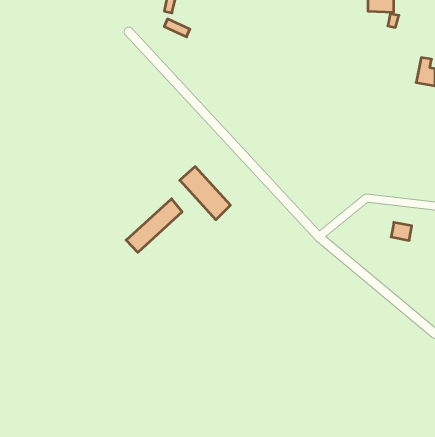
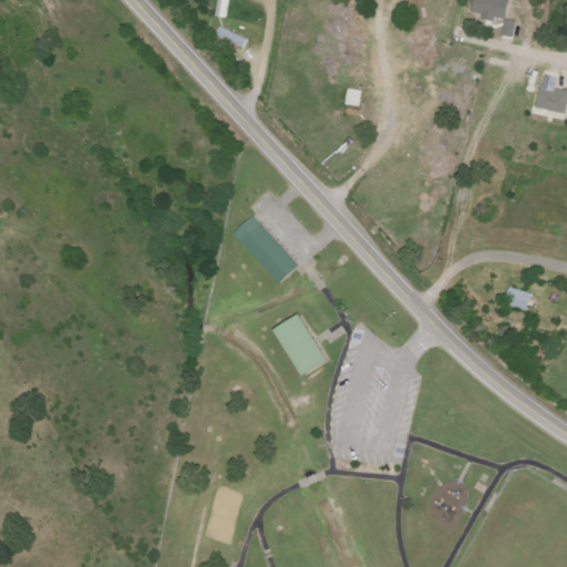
building: [126,199,182,252] -> none
building: none -> [276,312,330,375]

